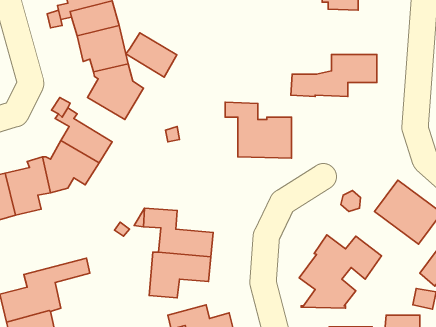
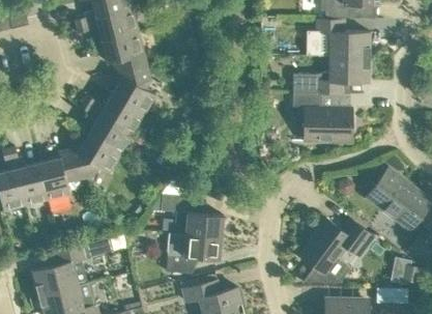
building: none -> [315,19,370,57]
building: [126,33,177,77] -> [98,95,144,135]
building: [225,102,291,158] -> [292,93,351,143]

